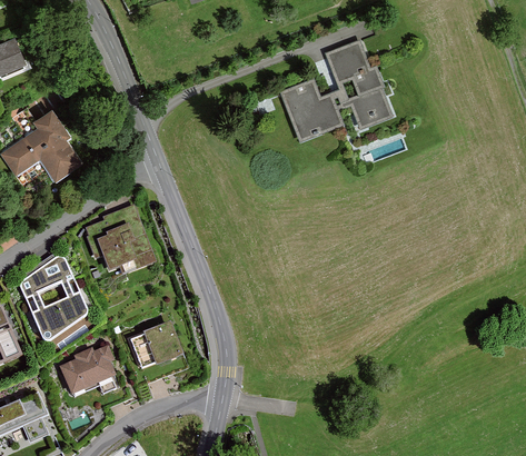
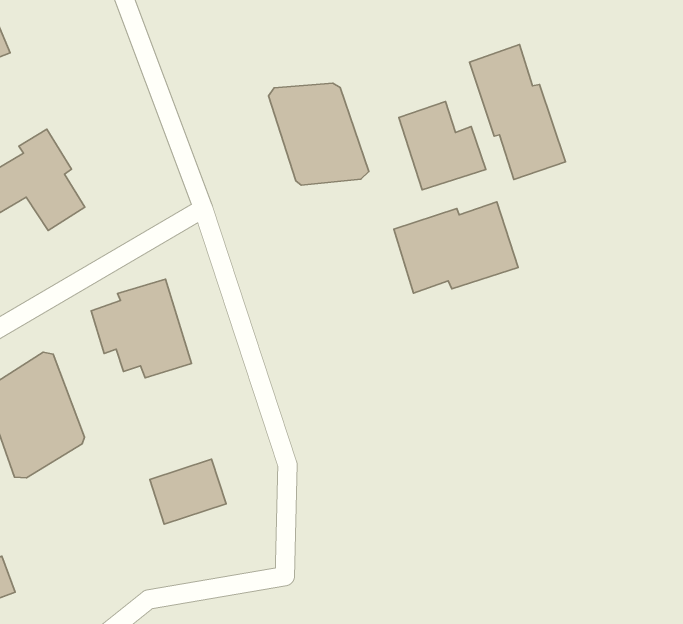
building: none -> [268,83,369,185]
building: none -> [394,202,518,293]
building: [61,353,113,396] -> none

